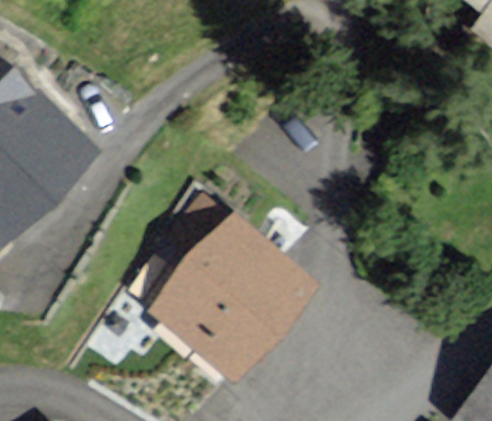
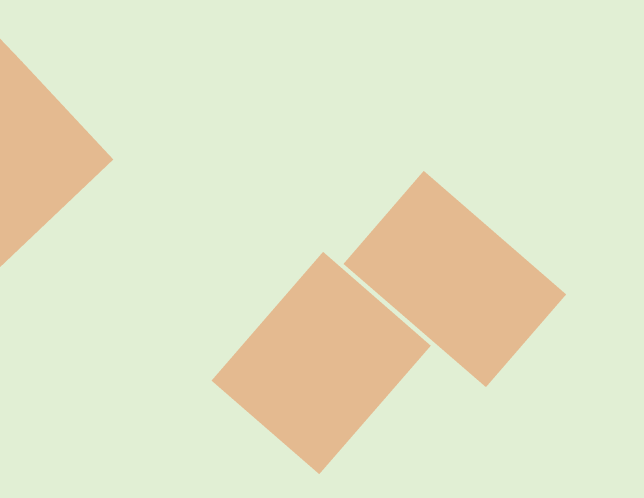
building: none -> [343,170,567,388]

